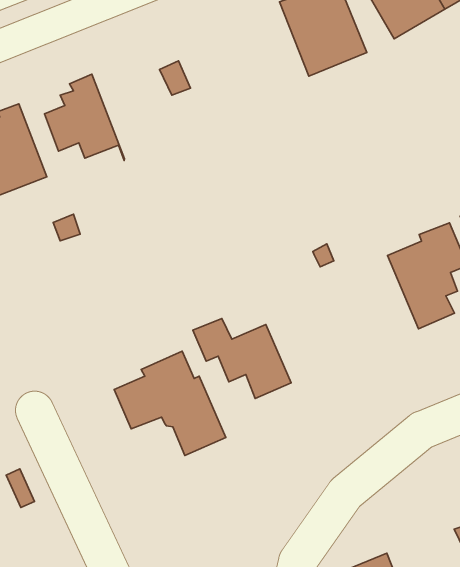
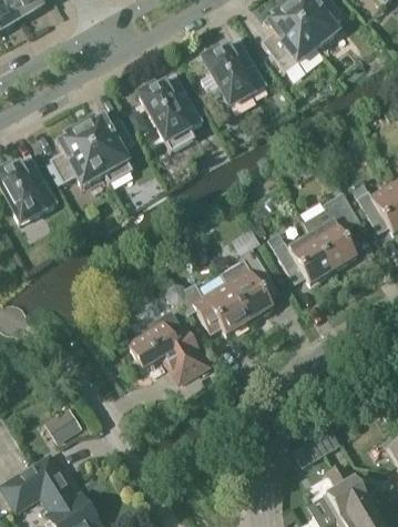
building: none -> [139,73,203,152]
building: none -> [79,119,135,182]
building: none -> [265,223,330,285]
building: none -> [218,249,274,321]

